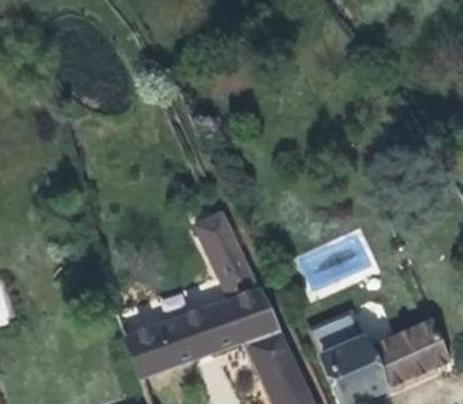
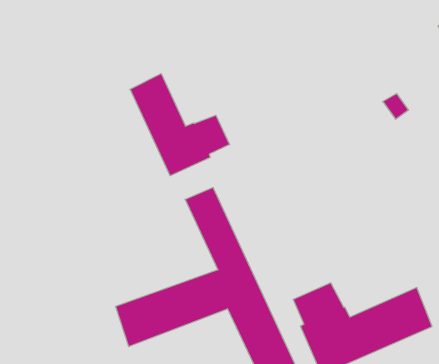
building: none -> [130,74,230,176]

